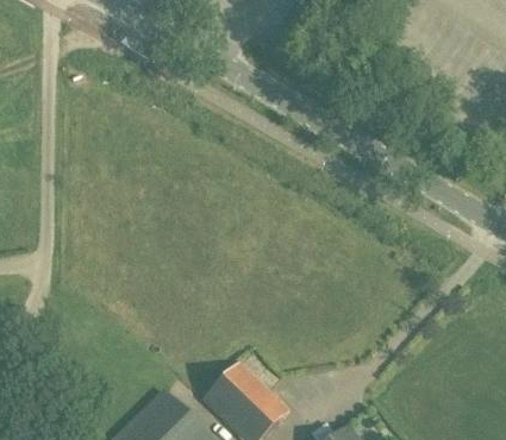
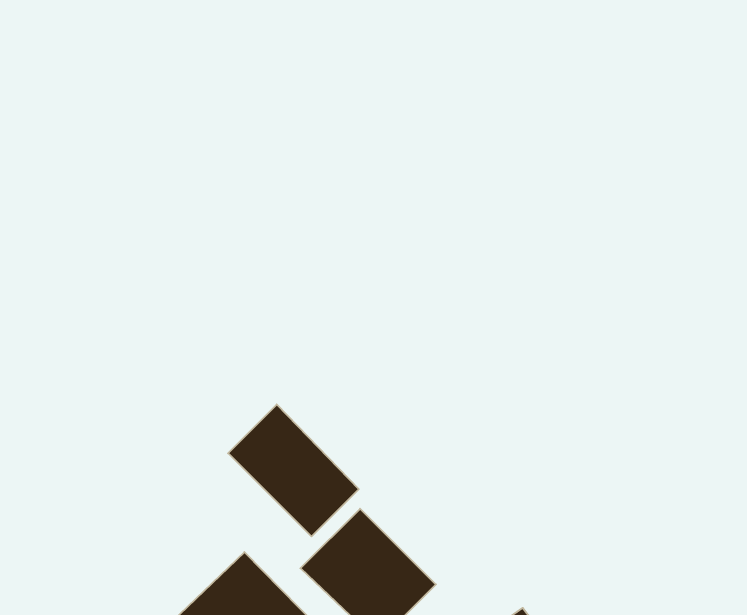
building: none -> [228,404,359,536]

